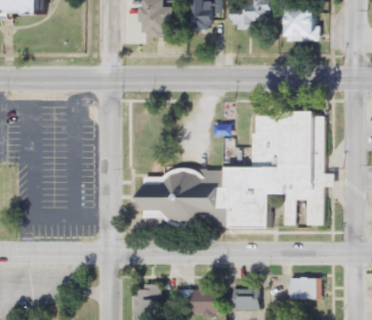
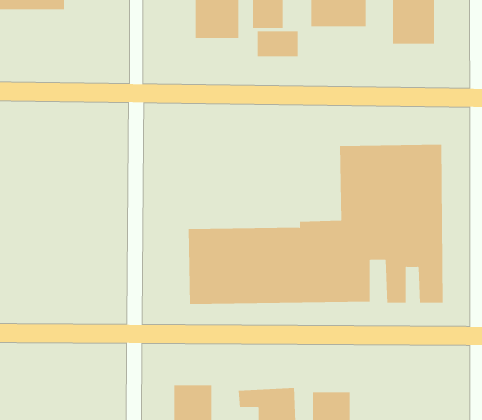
building: none -> [257,31,298,57]
building: [287,278,318,299] -> none

